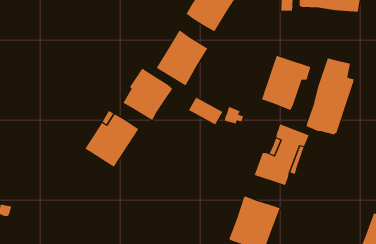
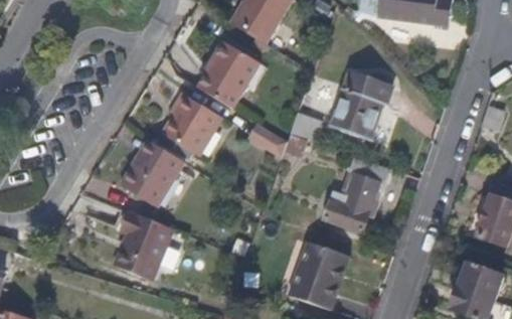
building: [306,58,354,135] -> none
building: none -> [108,212,170,286]

